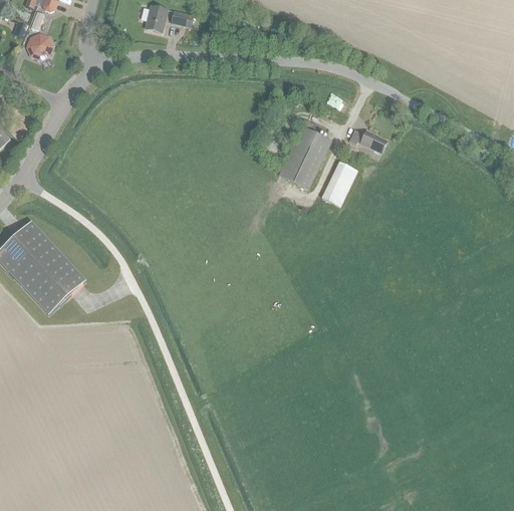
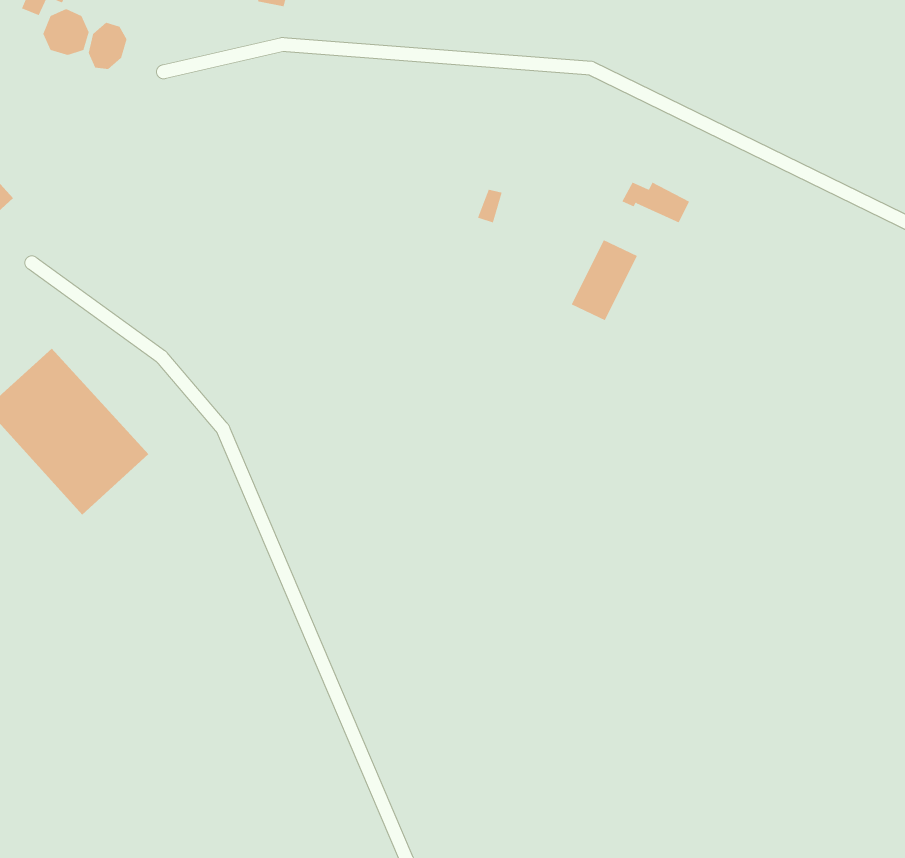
building: none -> [88,22,127,70]
building: [278,124,331,189] -> none

